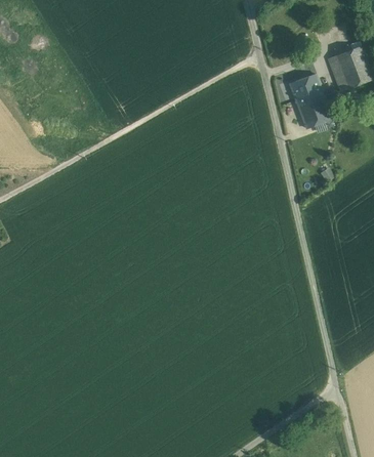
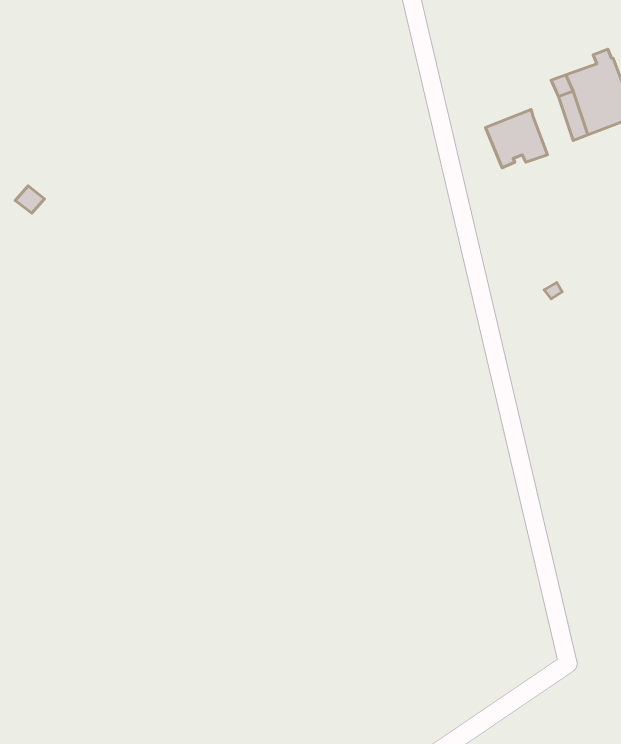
building: [298,99,331,127] -> none

